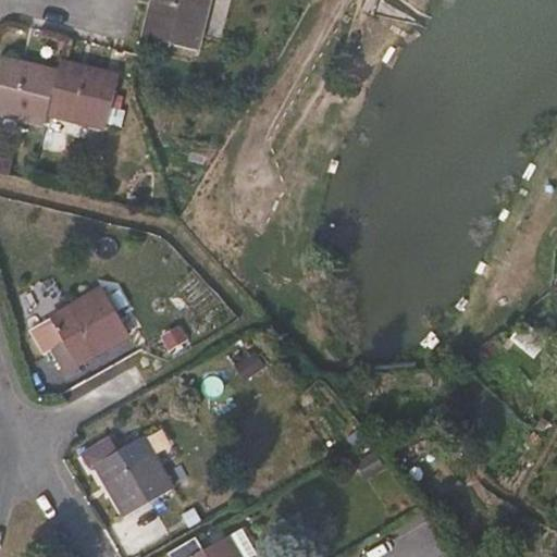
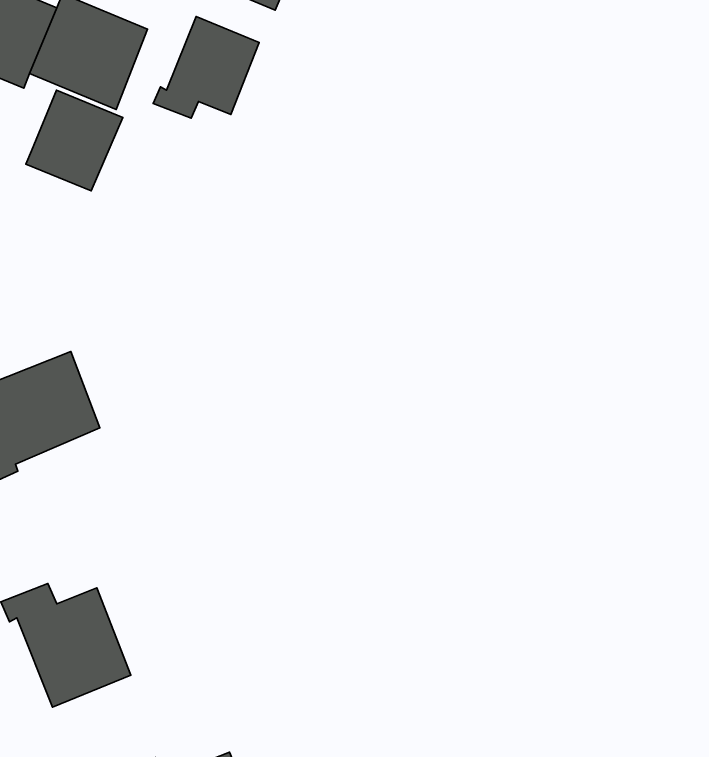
building: none -> [153,16,259,118]
building: none -> [26,90,123,191]

